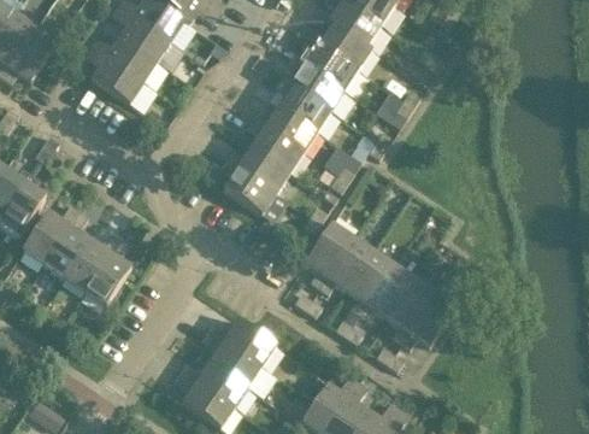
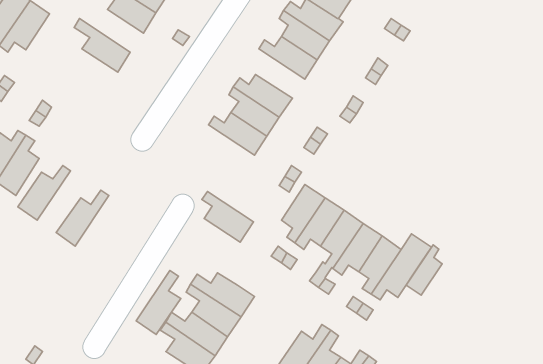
building: [88,36,157,83] -> none
building: [275,80,330,133] -> none
building: [220,162,276,216] -> [202,192,254,242]
building: [42,211,89,277] -> none
building: [83,237,131,306] -> [136,271,181,334]
building: none -> [406,245,442,295]

